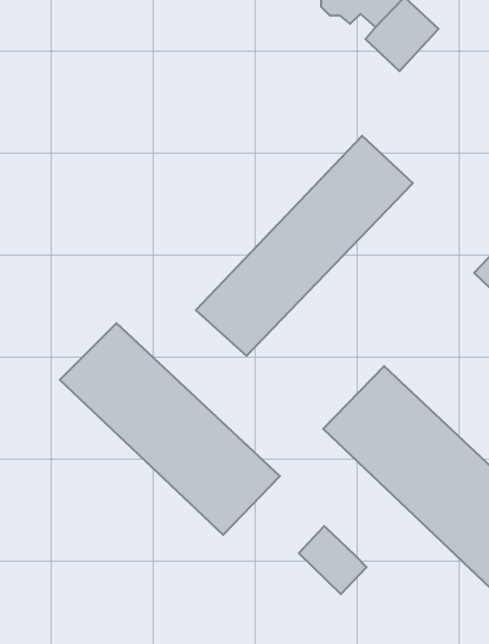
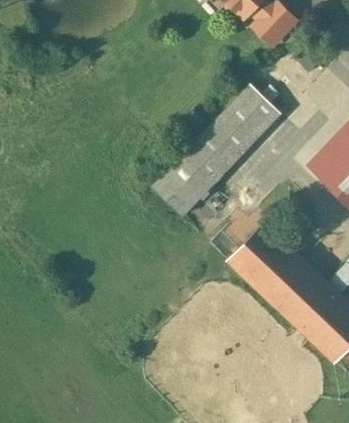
building: [60,323,280,535] -> none
building: [299,526,366,594] -> none

